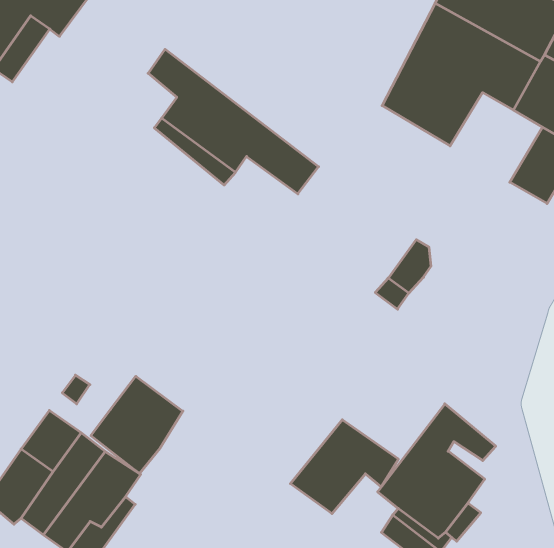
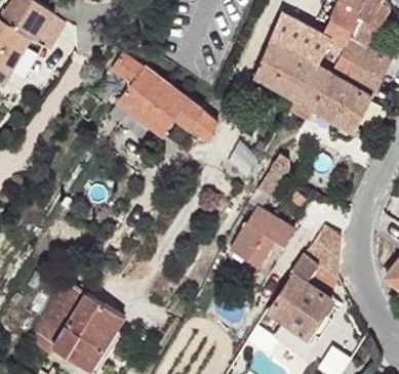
building: none -> [293,67,349,120]
building: none -> [302,231,335,281]
building: [91,376,183,474] -> none
building: [290,420,398,514] -> [225,211,289,268]

